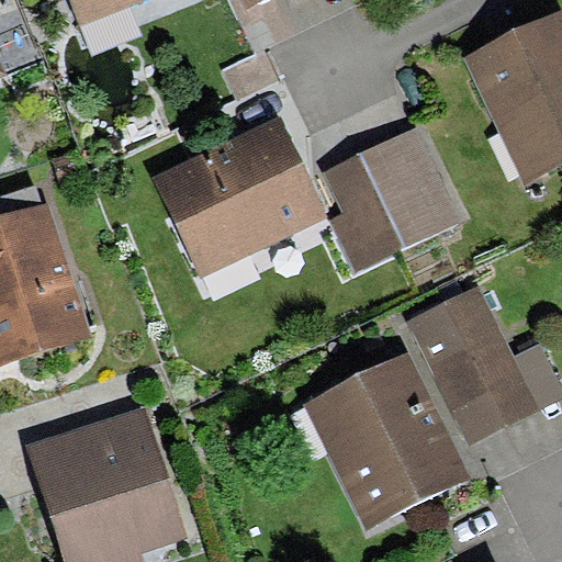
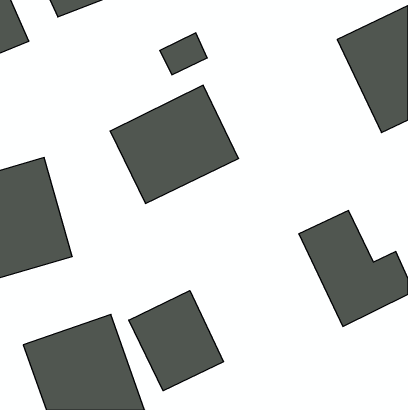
building: [322,128,459,271] -> none
building: [302,350,470,529] -> none
building: none -> [129,291,224,391]

